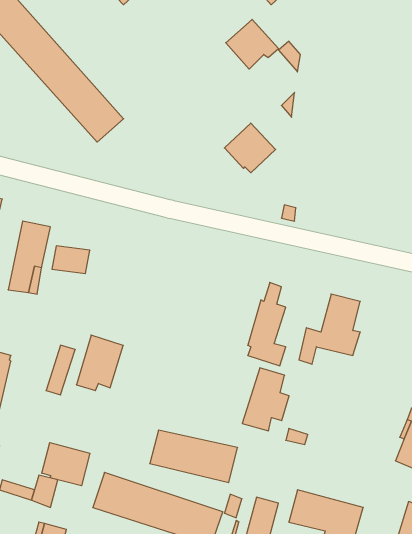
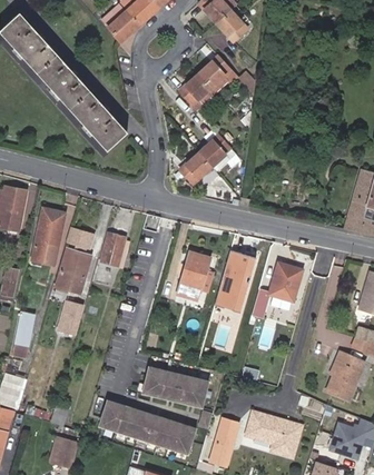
building: none -> [179,71,216,109]
building: none -> [178,151,211,184]
building: none -> [99,231,126,265]
building: [76,335,123,391] -> [56,247,91,289]
building: [242,368,289,431] -> [177,250,213,298]
building: [42,443,90,486] -> none

